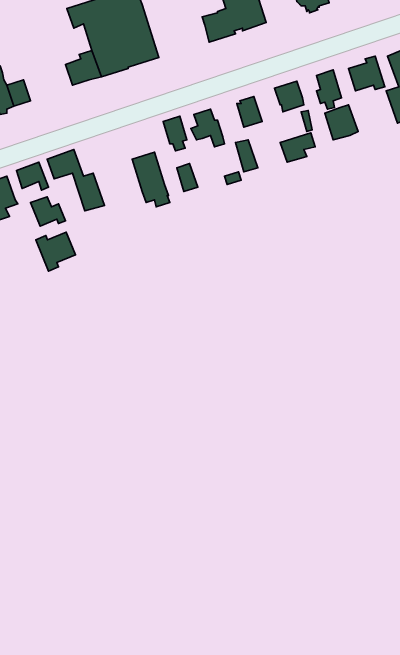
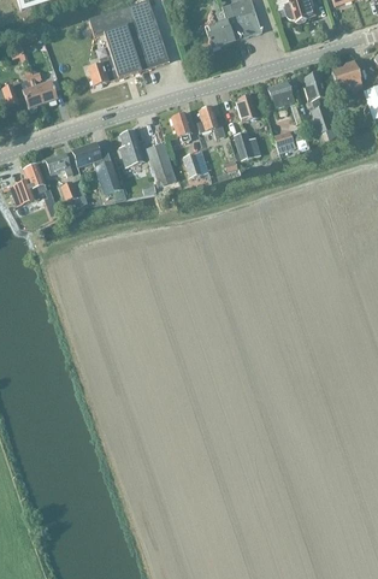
building: none -> [119,130,142,167]
building: [36,232,75,271] -> none

